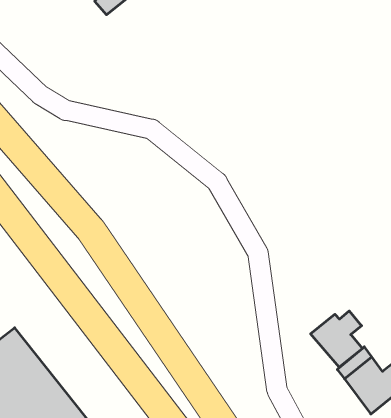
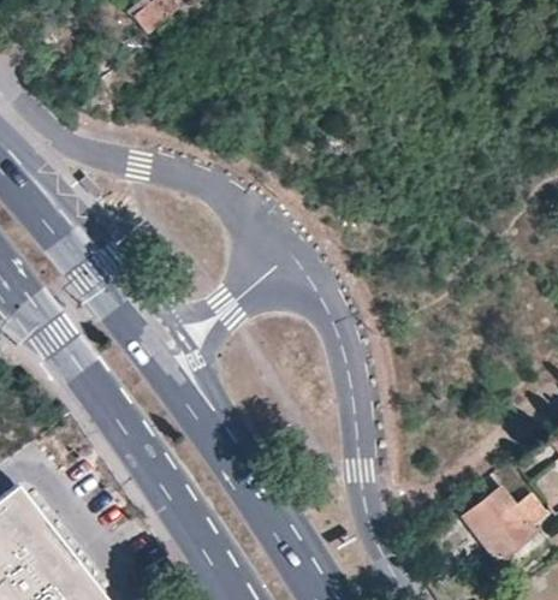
building: [311,311,362,367] -> none

